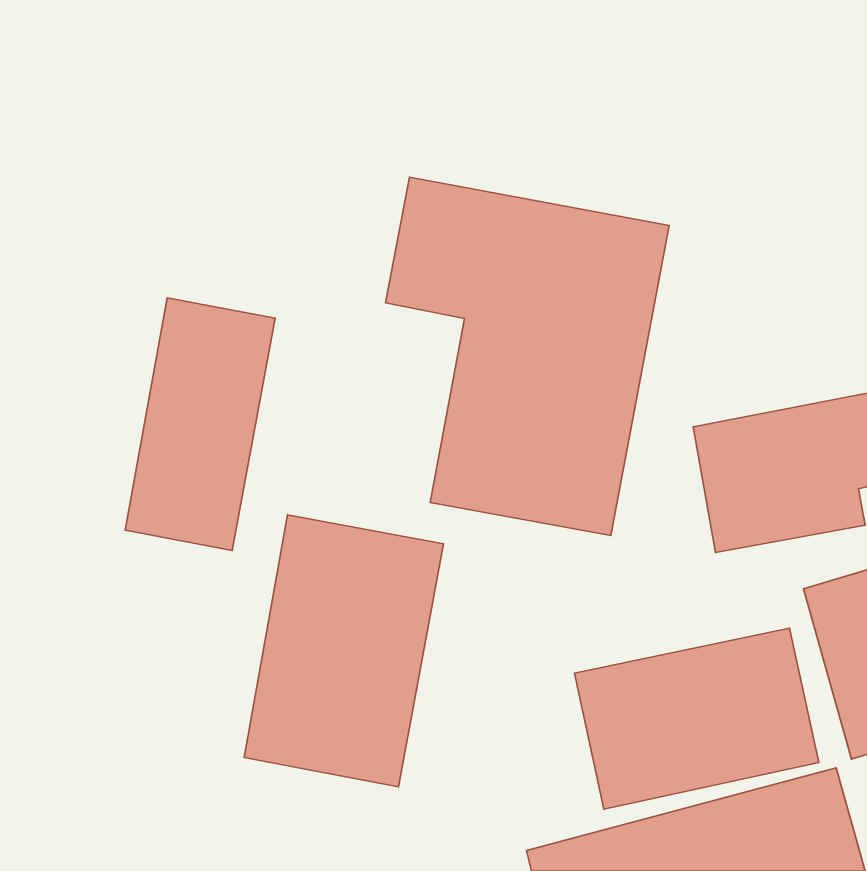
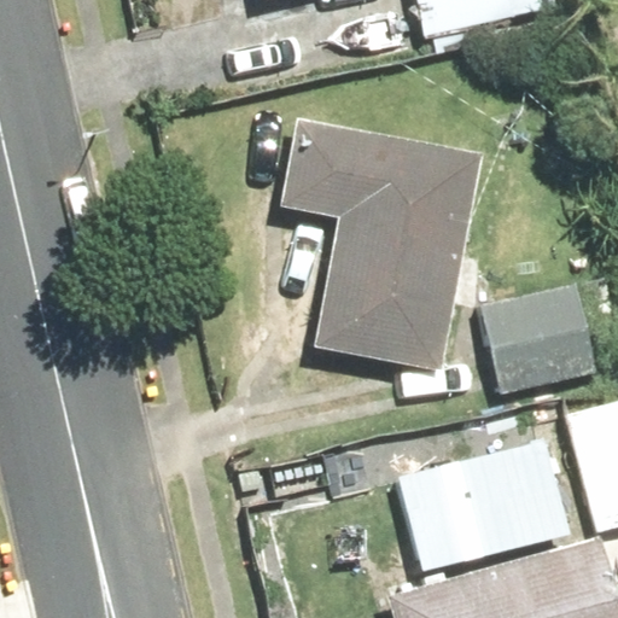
building: [125,298,275,550] -> none
building: [244,515,444,787] -> none

